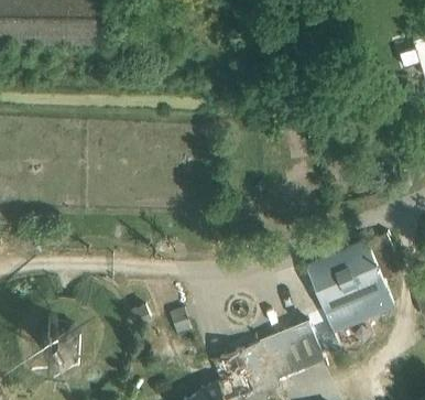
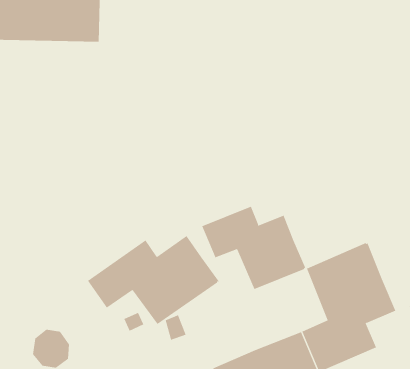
building: none -> [202,206,306,290]
building: none -> [87,235,219,325]

